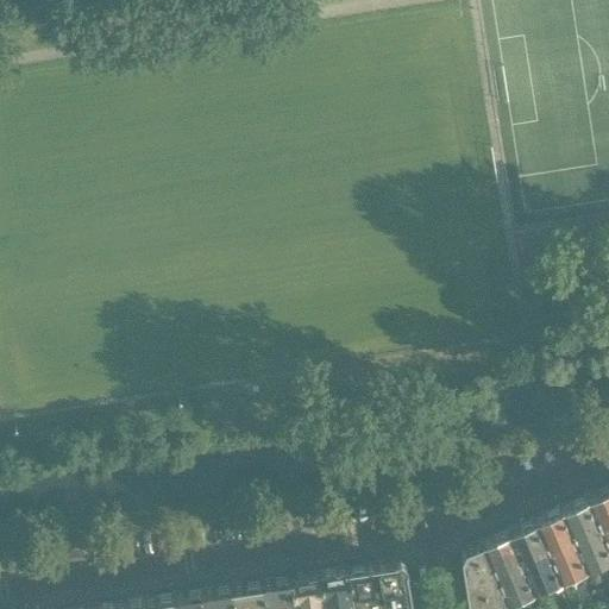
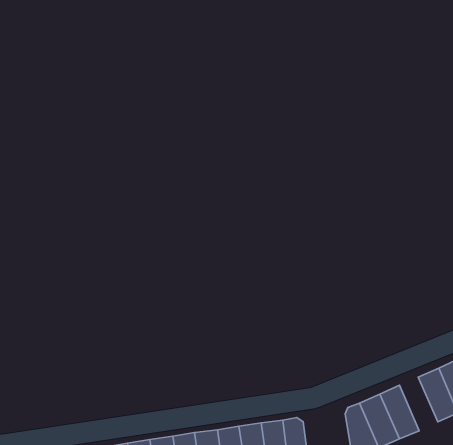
building: [536,517,588,589] -> none

